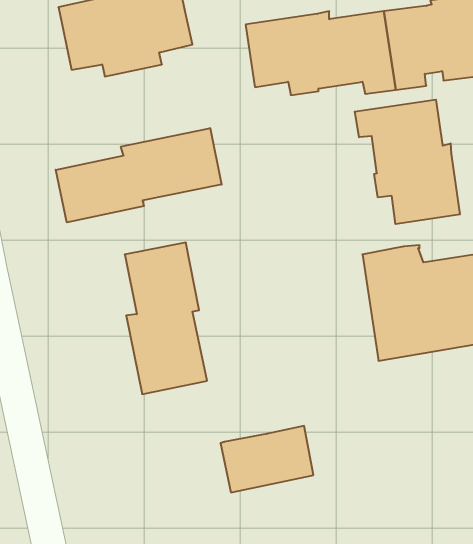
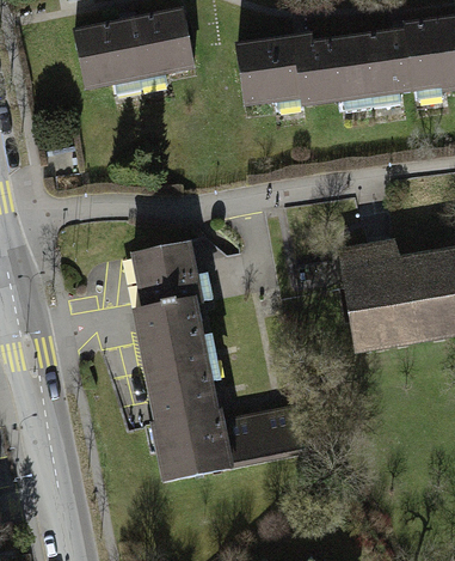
building: [355,100,460,224] -> none
building: [56,128,222,222] -> none
building: none -> [146,366,226,480]

